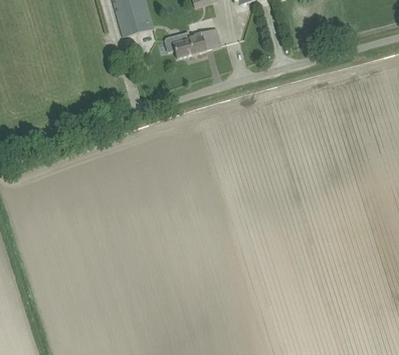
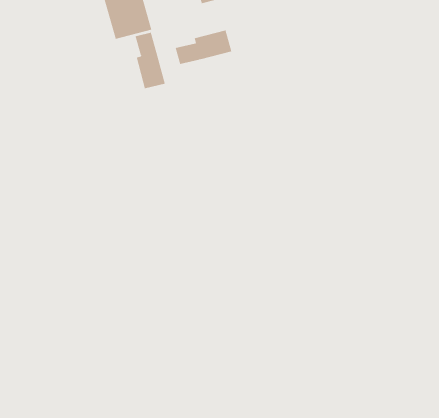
building: none -> [135,32,165,89]

